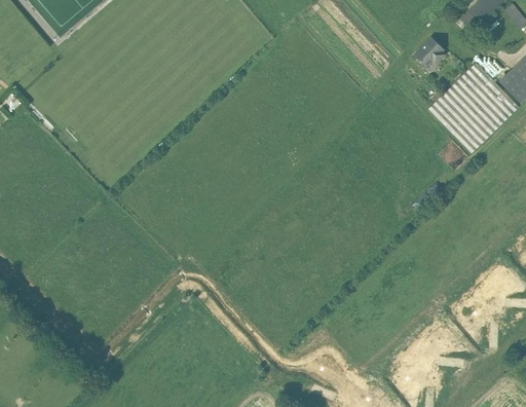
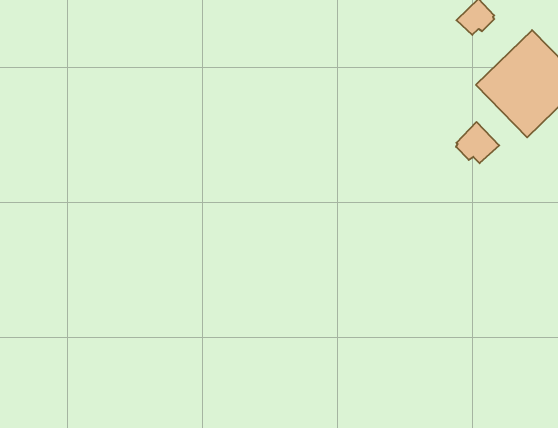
building: none -> [456,122,499,163]

